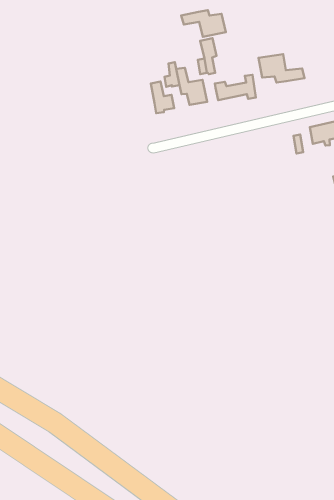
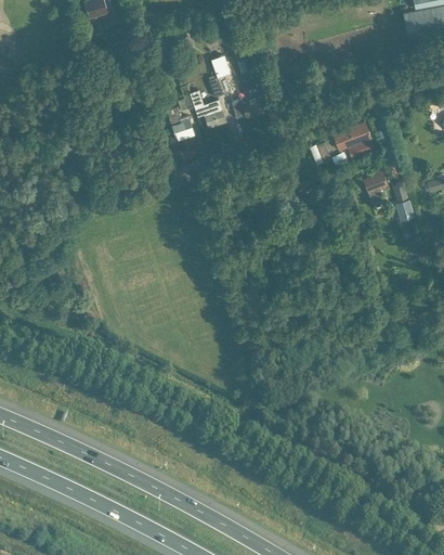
building: [181,10,226,37] -> none
building: [259,54,304,82] -> none

